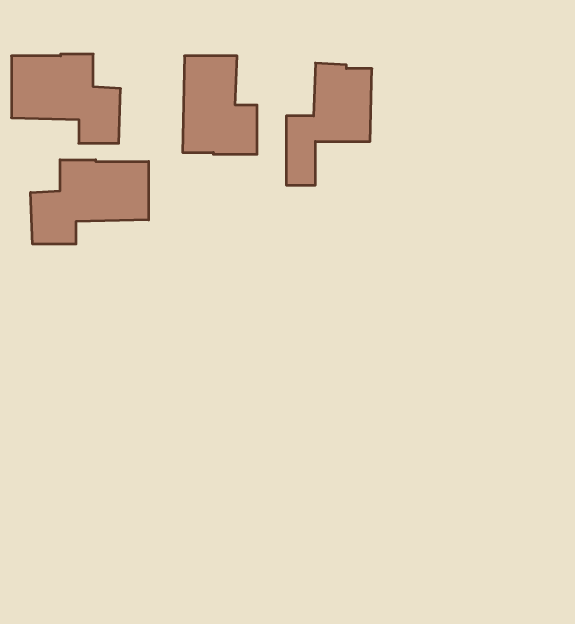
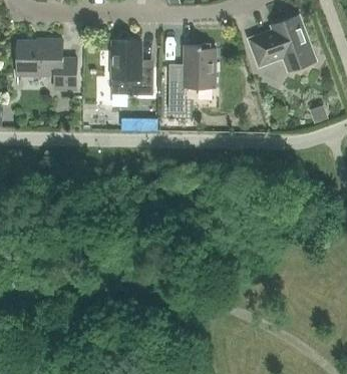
building: none -> [249,15,315,70]
building: [31,160,149,244] -> none

